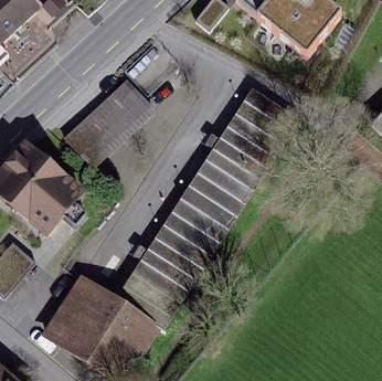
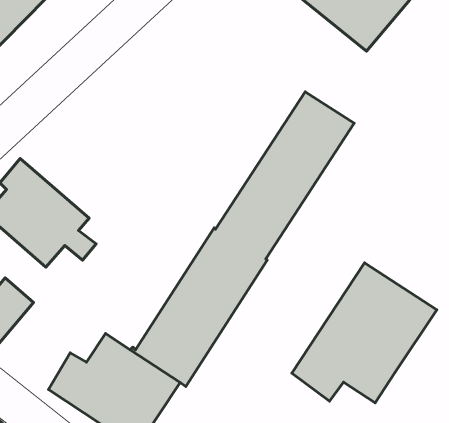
building: [64,81,149,162] -> none
building: none -> [292,263,437,403]

